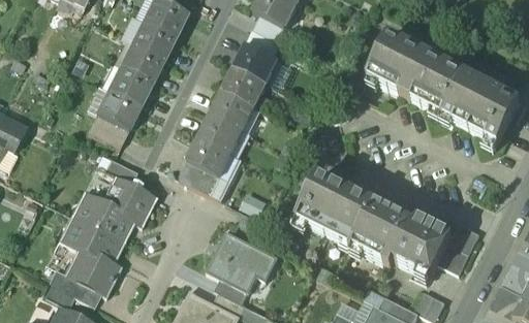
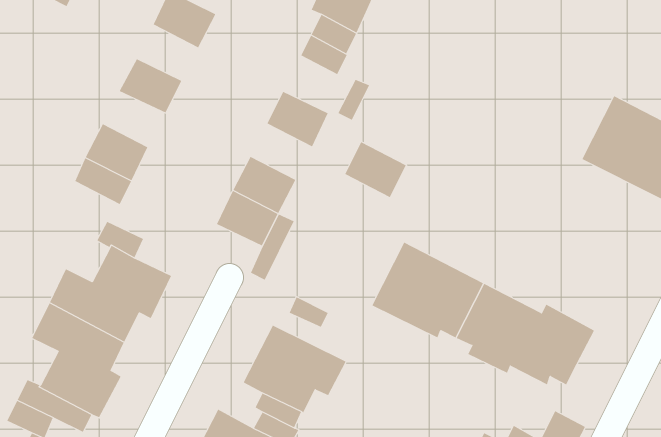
building: [131,22,175,61] -> none
building: [367,33,465,116] -> none
building: [234,43,278,84] -> none
building: [107,68,152,107] -> none
building: [211,91,254,130] -> [344,142,407,198]
building: [178,161,219,195] -> none
building: [437,223,479,274] -> none

